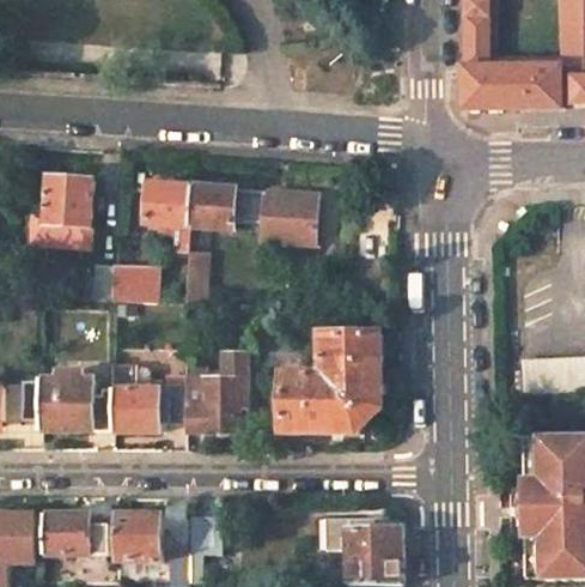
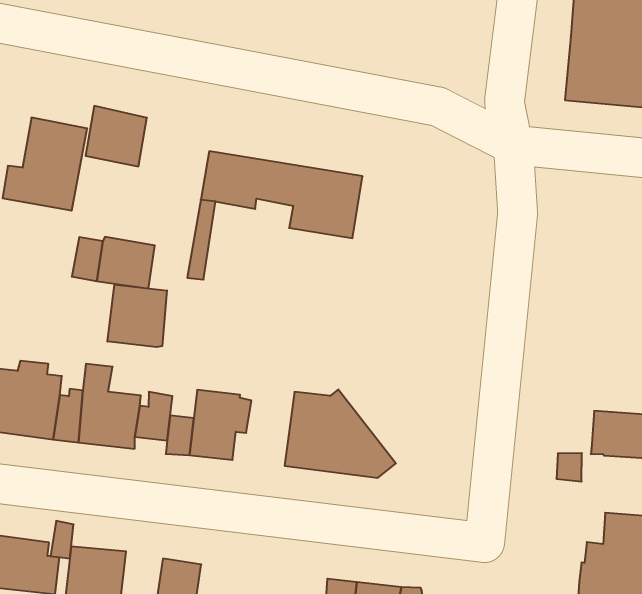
building: [145,181,190,225] -> [86,106,147,166]
building: none -> [107,284,167,347]
building: [315,331,379,418] -> none

